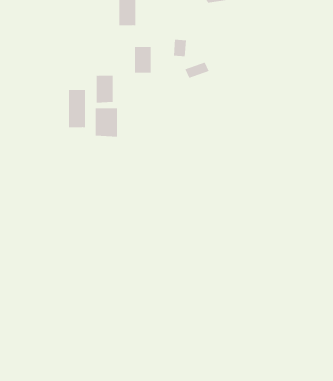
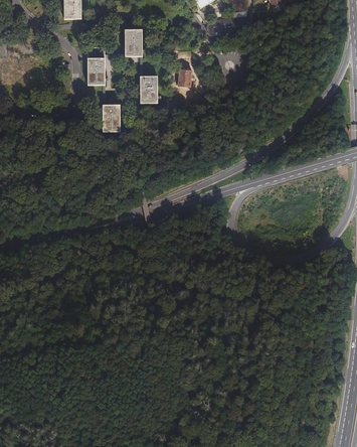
building: [68,90,86,128] -> [87,47,105,85]
building: [95,107,117,137] -> none

